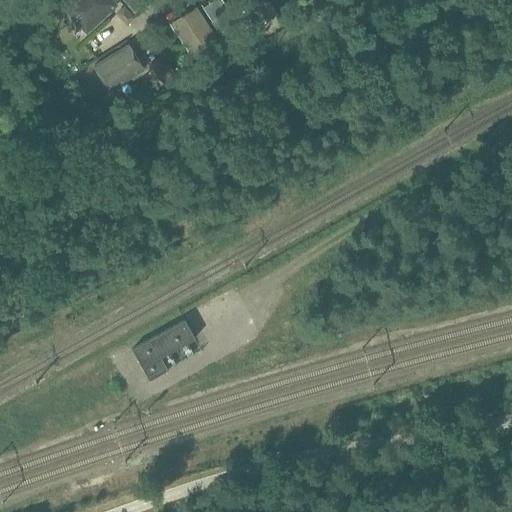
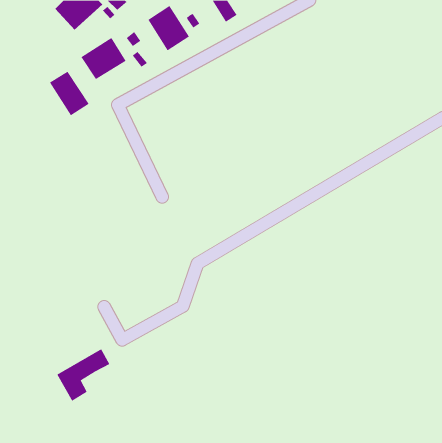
building: none -> [49,71,90,116]
building: [132,318,194,379] -> [56,348,110,401]

